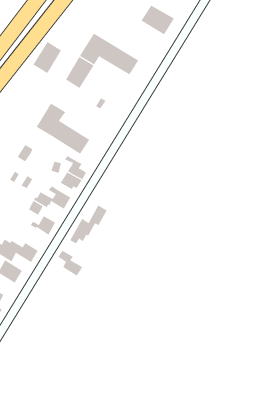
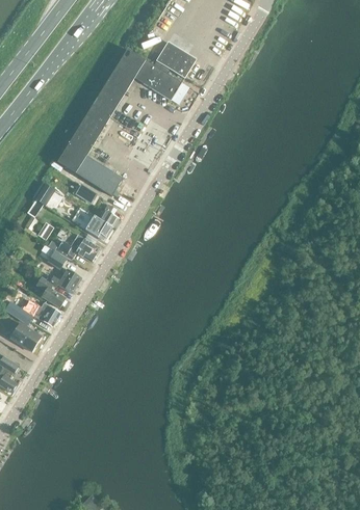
building: [140,5,175,35] -> [154,42,196,78]
building: [32,41,62,74] -> [74,105,109,144]
building: [70,204,107,244] -> none
building: [57,250,83,277] -> [34,276,66,308]

